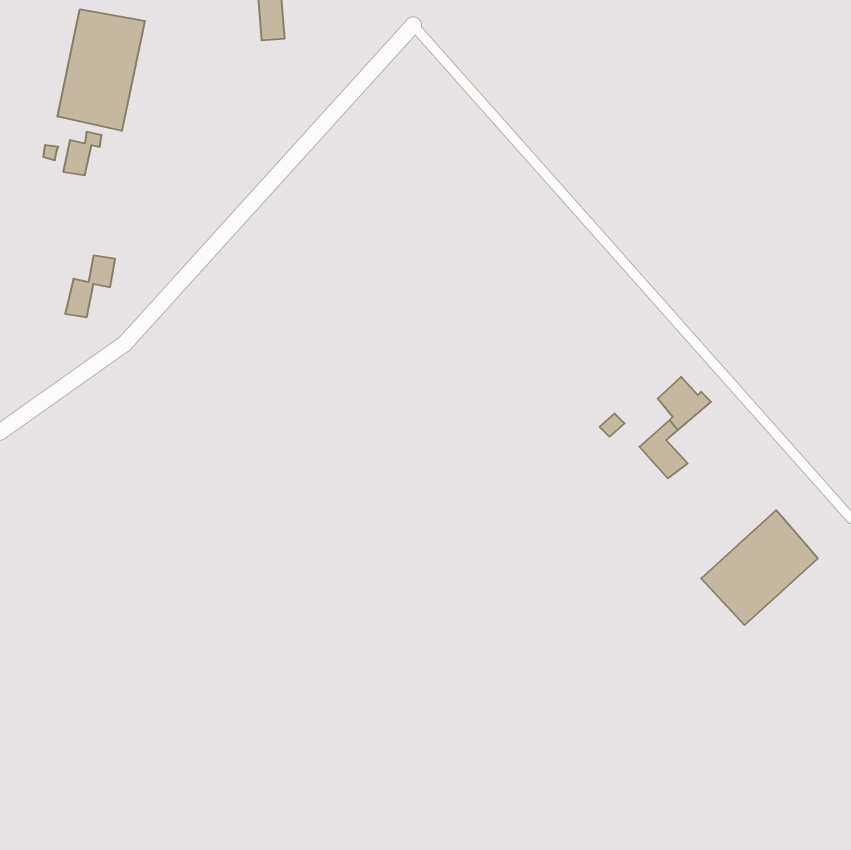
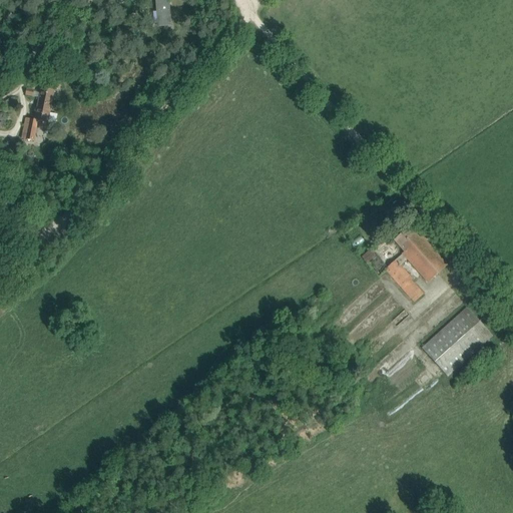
building: [57,9,145,131] -> none
building: [65,255,115,317] -> [21,103,51,140]
building: none -> [408,241,447,282]

